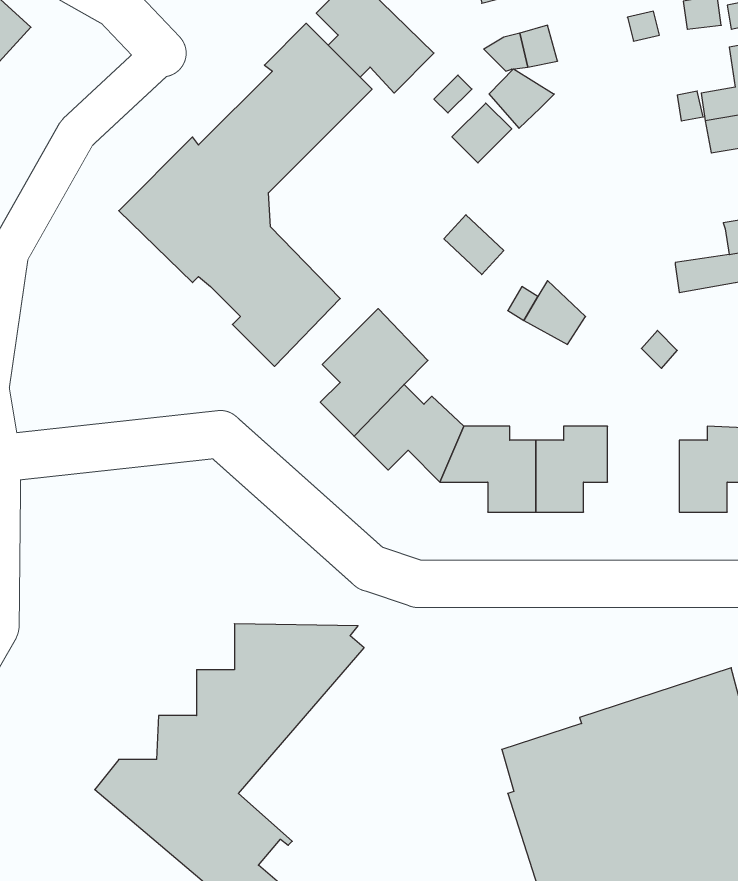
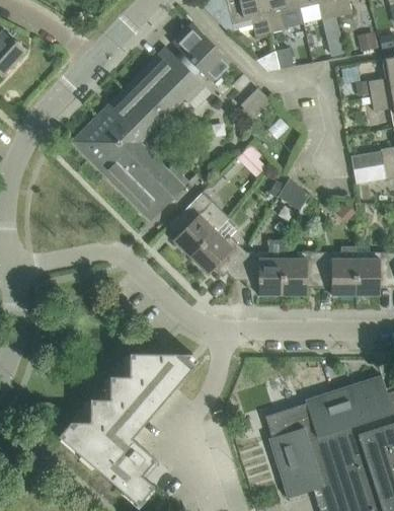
building: [489,69,554,128] -> none
building: none -> [319,251,356,295]

